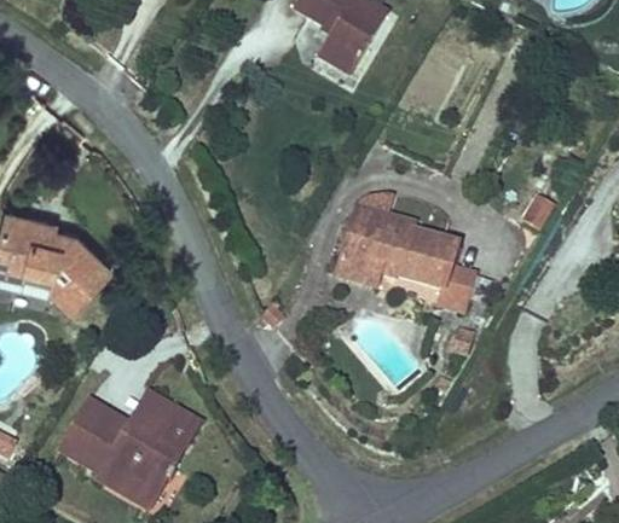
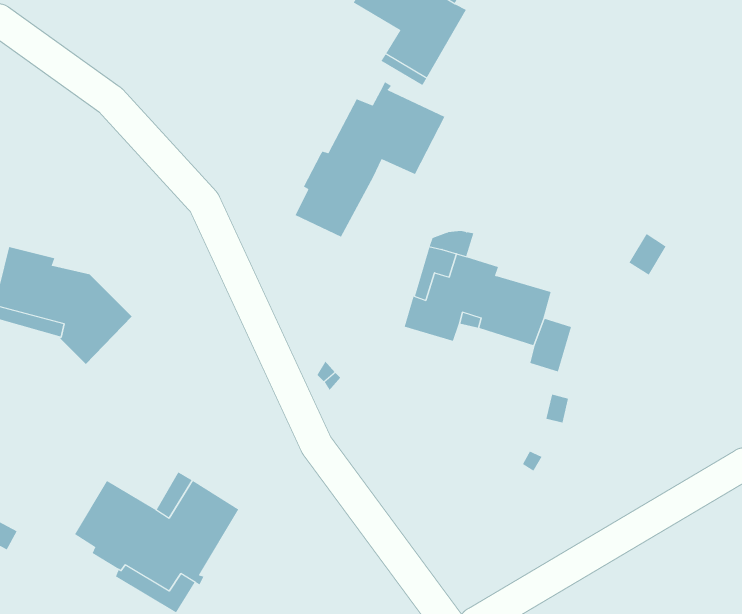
building: none -> [295,81,445,238]

